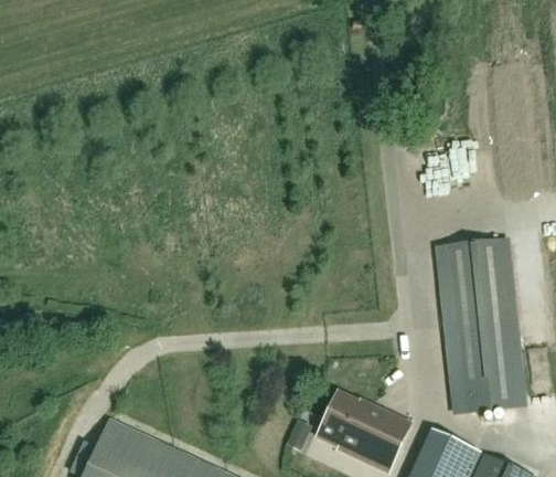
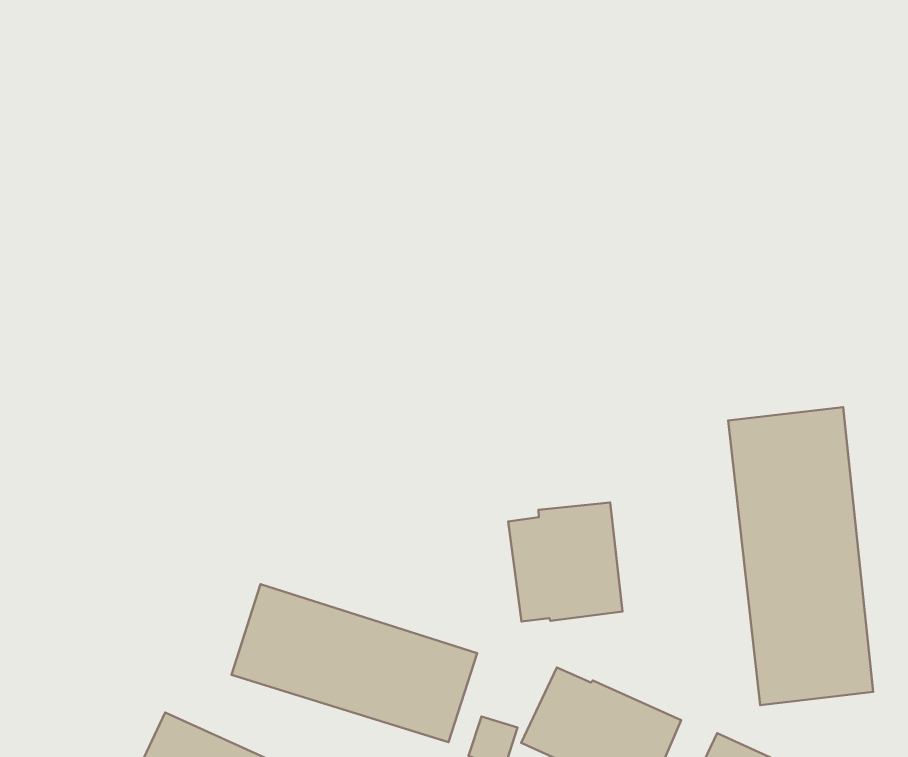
building: none -> [508,502,623,622]
building: none -> [232,584,477,742]

